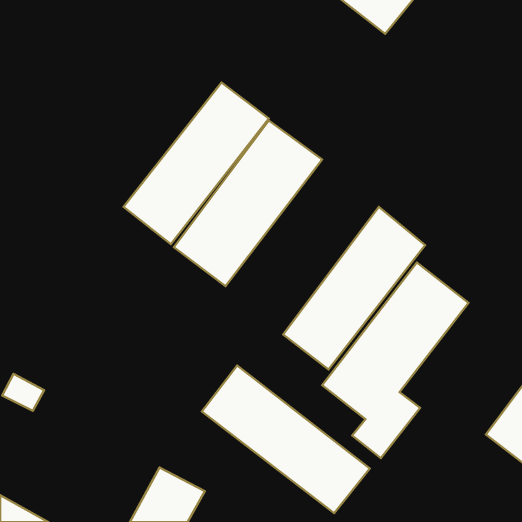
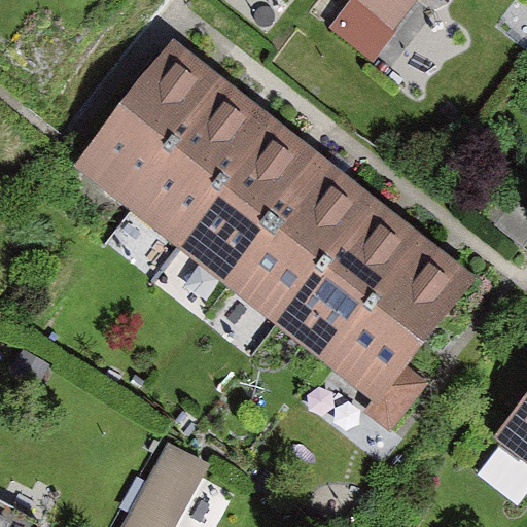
building: none -> [73,36,224,204]
building: none -> [231,163,384,330]
building: [202,366,370,513] -> none

